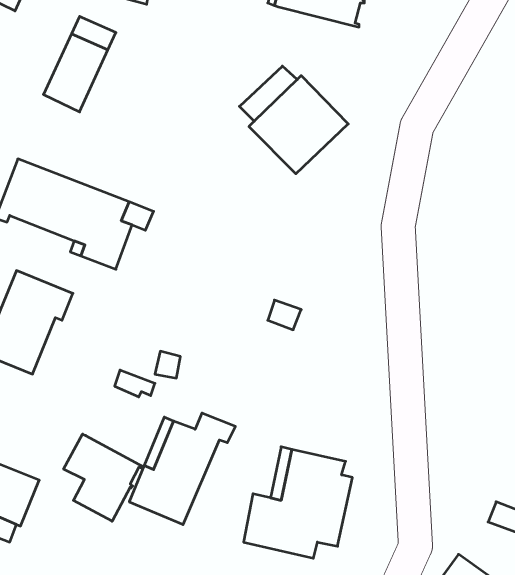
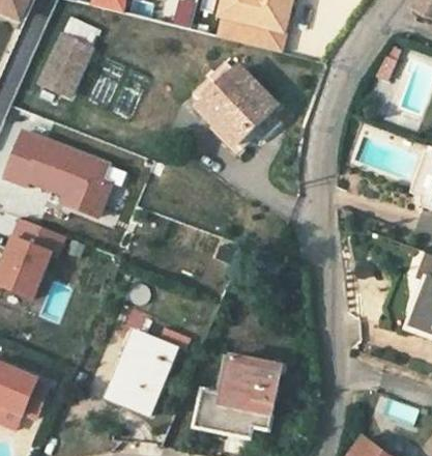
building: none -> [219,15,285,50]
building: [64,434,144,521] -> none

